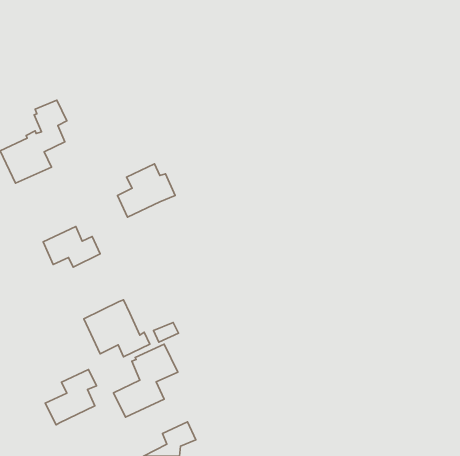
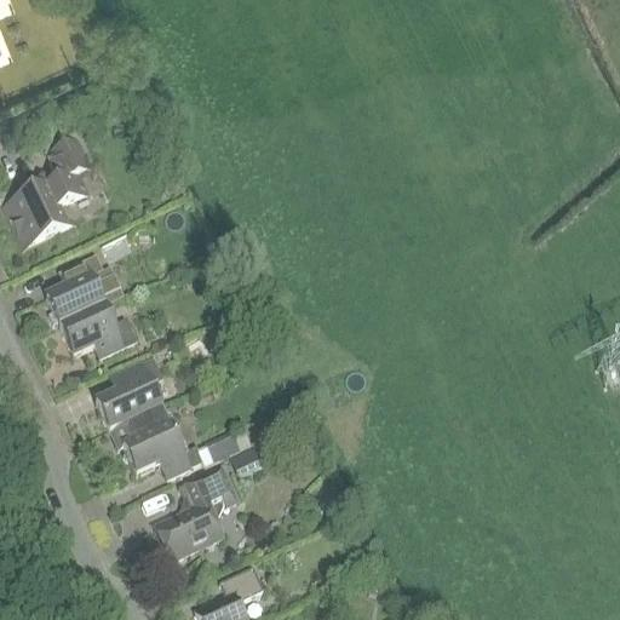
building: [118,164,175,217] -> [46,253,124,325]
building: [45,370,97,425] -> [94,356,163,430]

